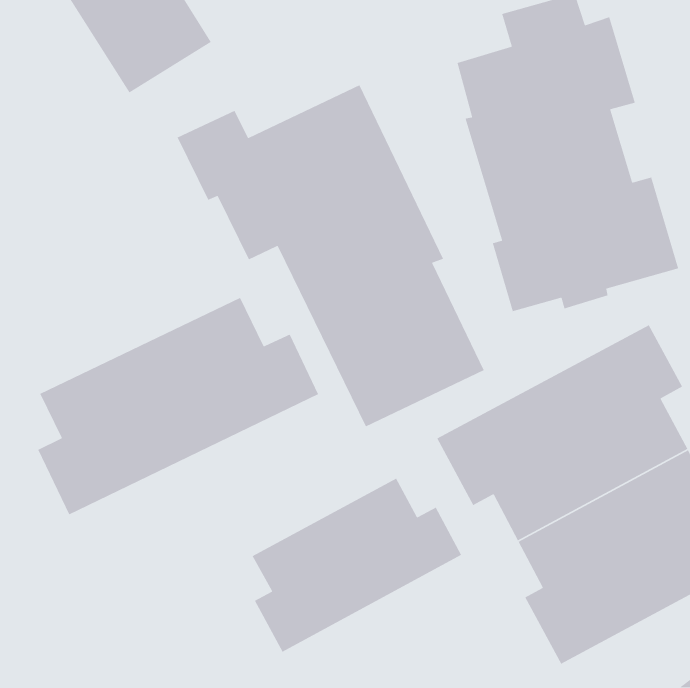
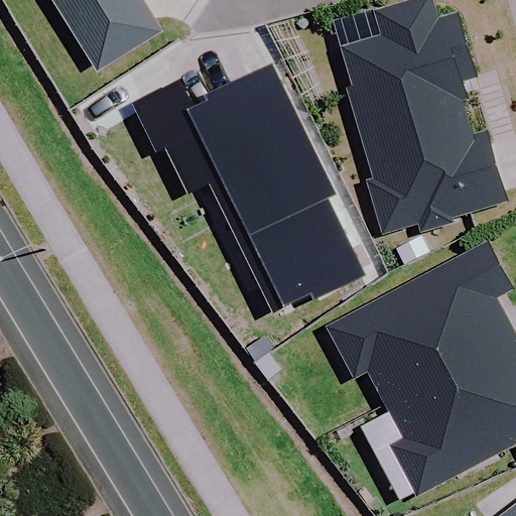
building: [37,297,319,516] -> none
building: [252,478,462,653] -> none

